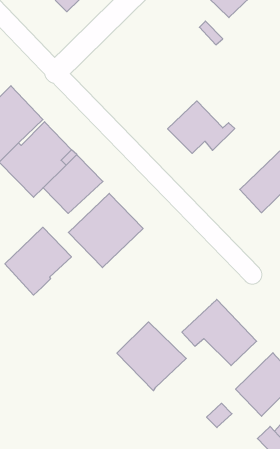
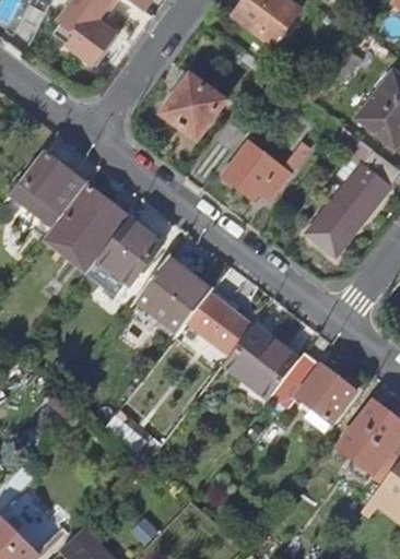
building: none -> [161,76,223,139]
building: [5,227,71,295] -> none
building: none -> [188,295,246,350]
building: [117,322,186,391] -> [223,324,299,399]

